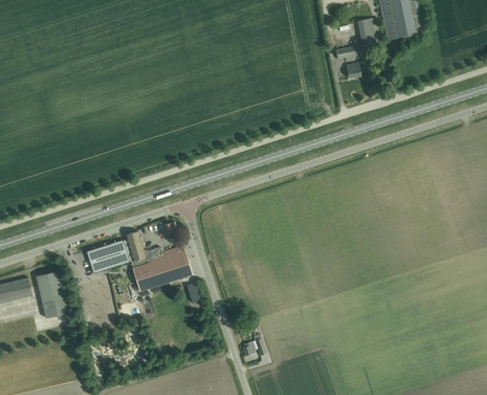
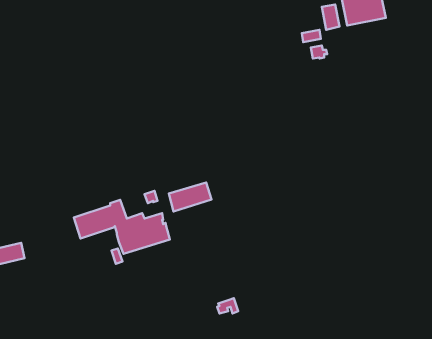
building: none -> [169,182,212,211]
building: [35,271,69,318] -> none

